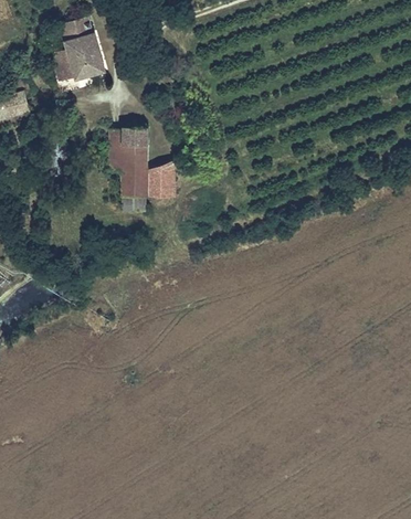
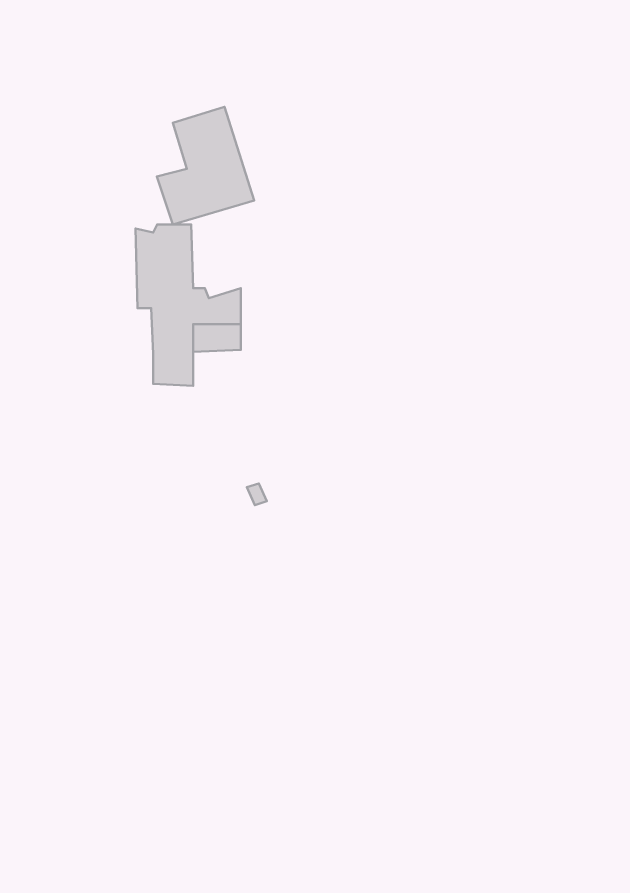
building: [50,18,104,83] -> [157,107,254,224]

